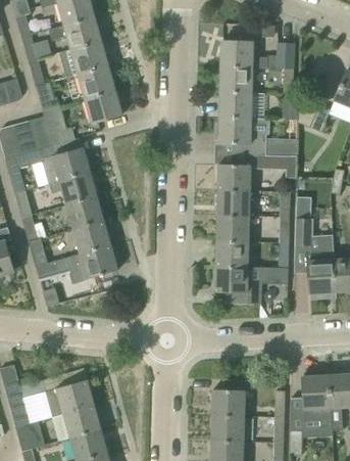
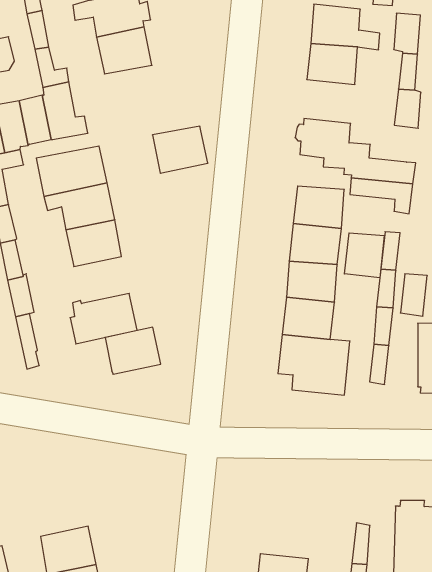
building: [83,90,121,124] -> [152,126,208,173]
building: [219,92,252,120] -> none
building: none -> [344,233,384,278]
building: [71,221,110,255] -> [105,327,161,374]
building: [44,380,94,416] -> none
building: [211,389,244,416] -> none

